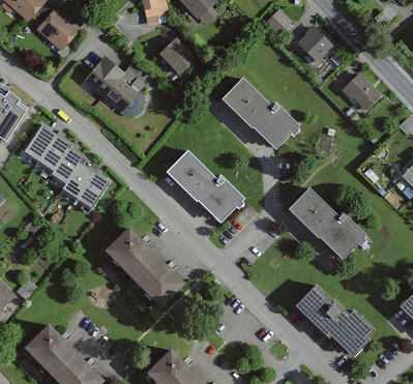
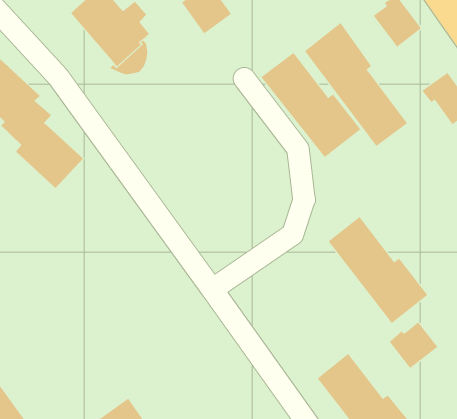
building: none -> [304,22,408,147]
building: [166,149,243,220] -> none
building: [102,223,183,302] -> none
building: none -> [389,322,438,369]

